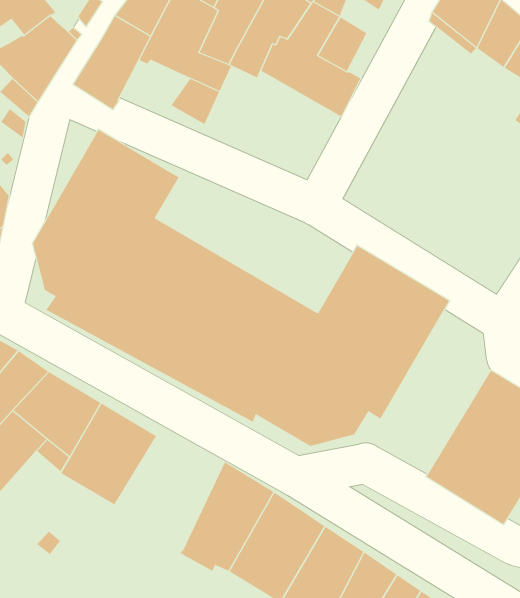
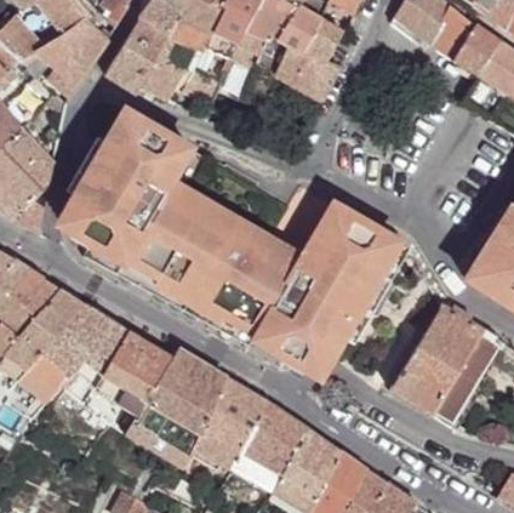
building: none -> [141,52,187,98]
building: none -> [124,347,227,464]

